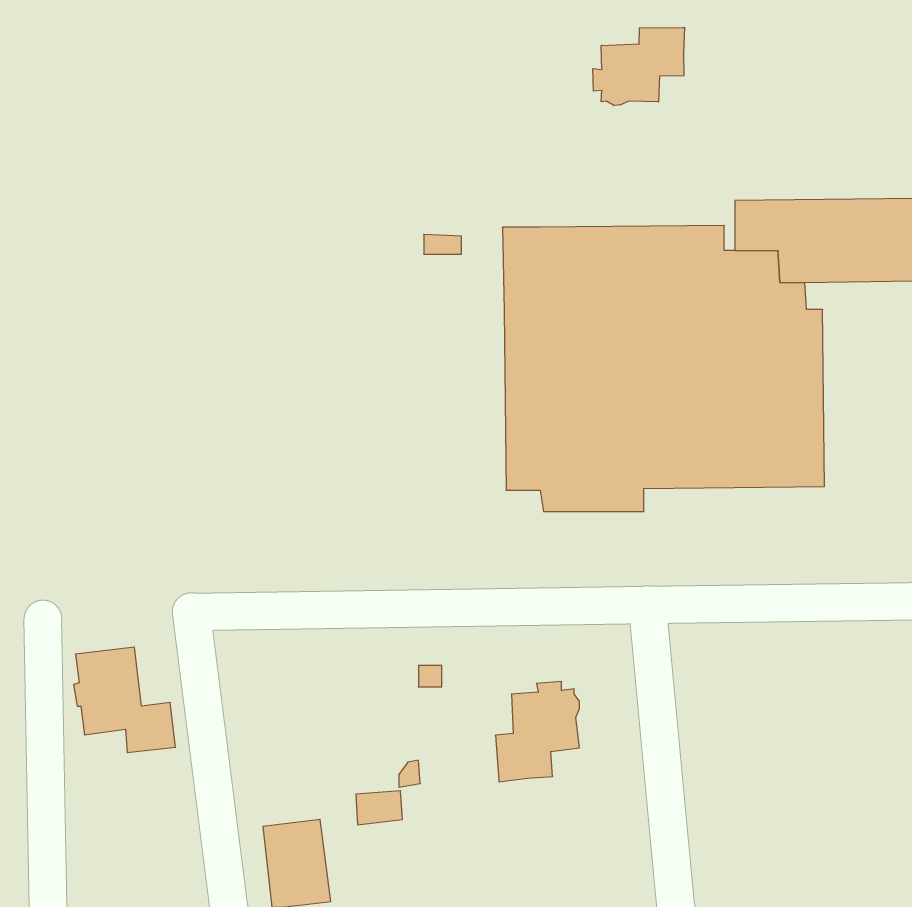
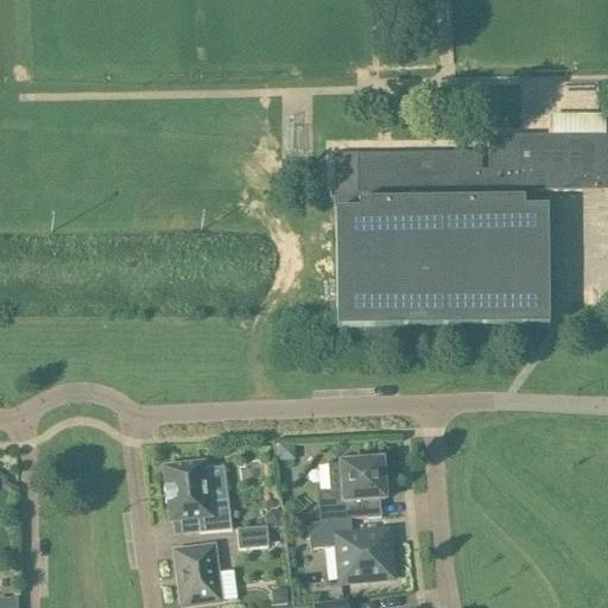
building: [593,27,684,106] -> none
building: [74,647,176,753] -> [164,461,232,531]
building: none -> [309,517,392,581]

